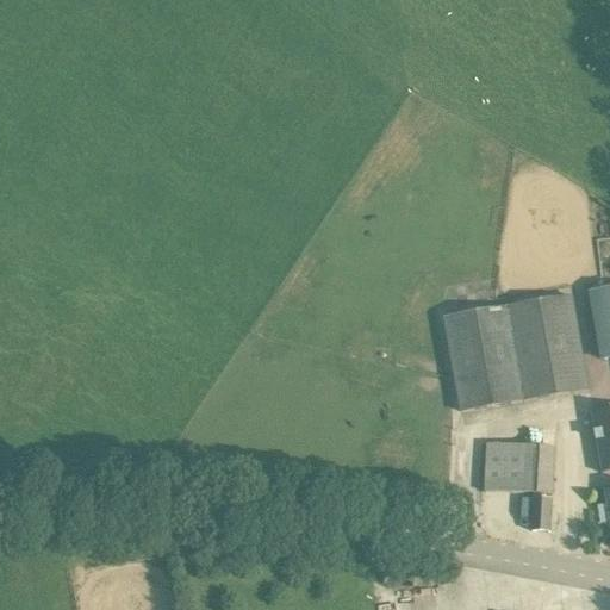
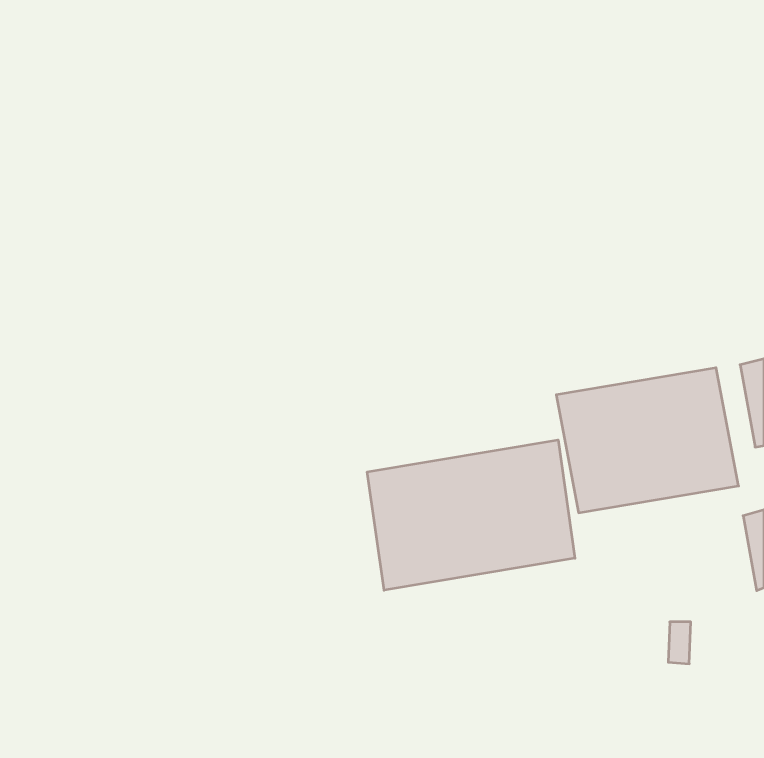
building: none -> [367,440,575,590]
building: [485,441,554,492] -> none

